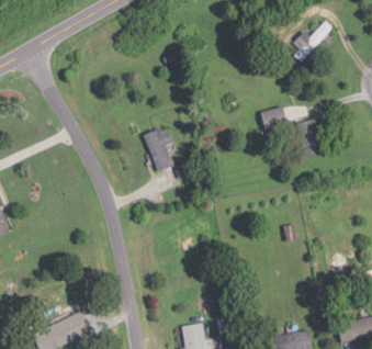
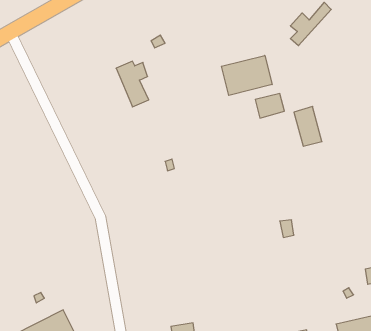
building: none -> [221,55,272,95]
building: [143,130,173,172] -> [116,61,149,107]

